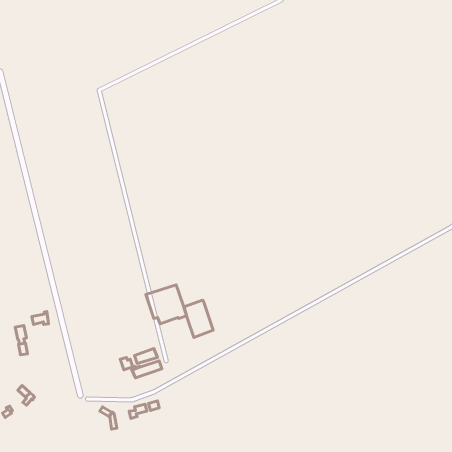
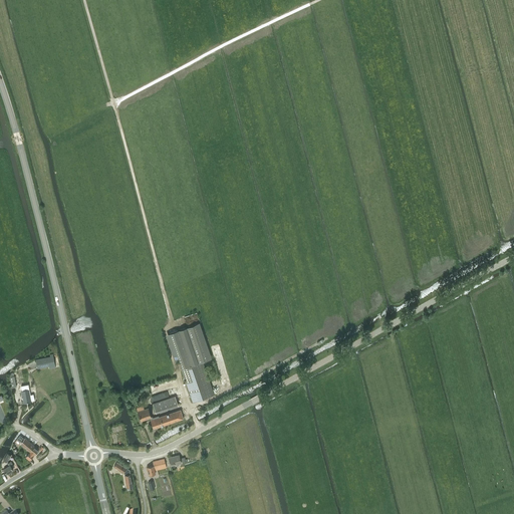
building: [184,300,213,337] -> [181,360,214,403]

